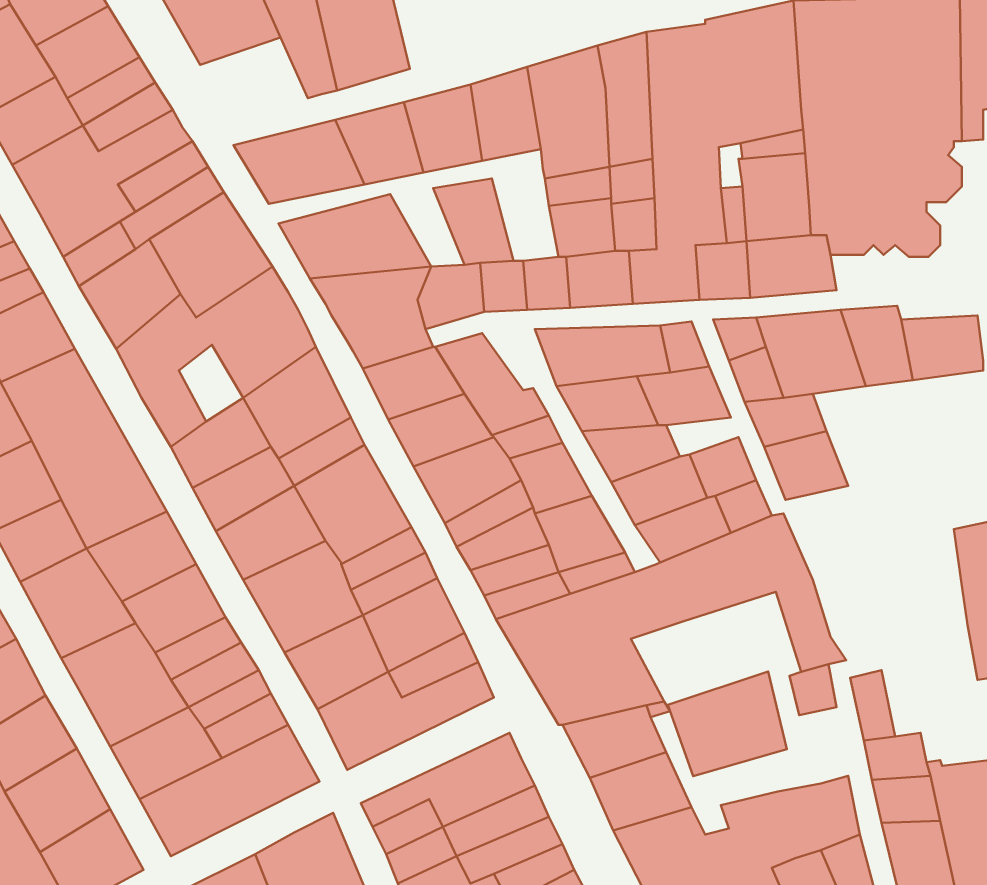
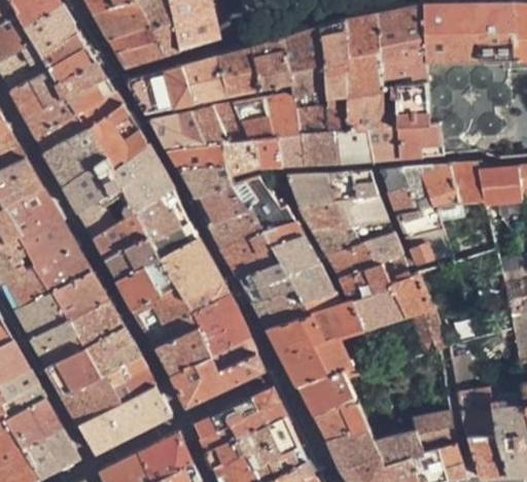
building: none -> [110,24,167,66]
building: none -> [264,93,298,141]
building: none -> [210,103,249,144]
building: [668,671,787,776] -> none

